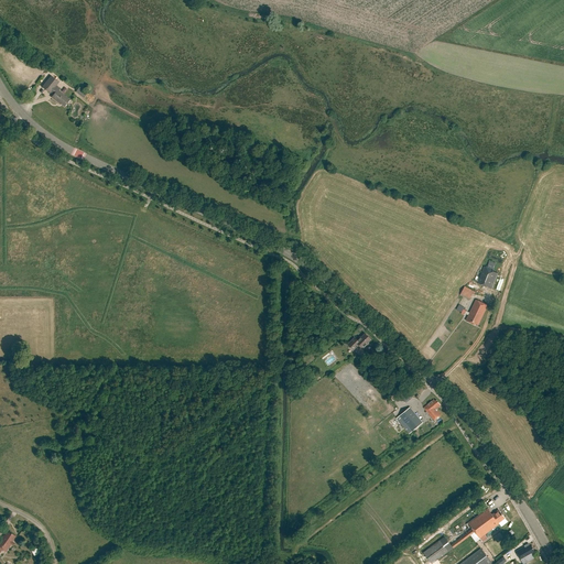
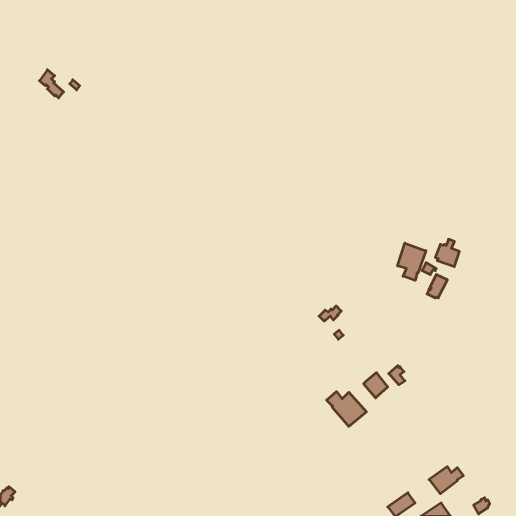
building: none -> [398,243,426,280]
building: none -> [327,392,366,426]

